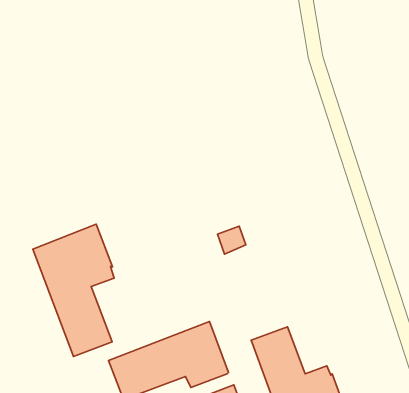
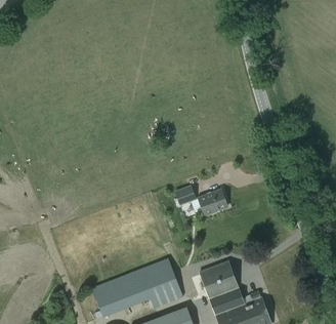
building: [33,224,114,356] -> none
building: none -> [198,189,227,214]

